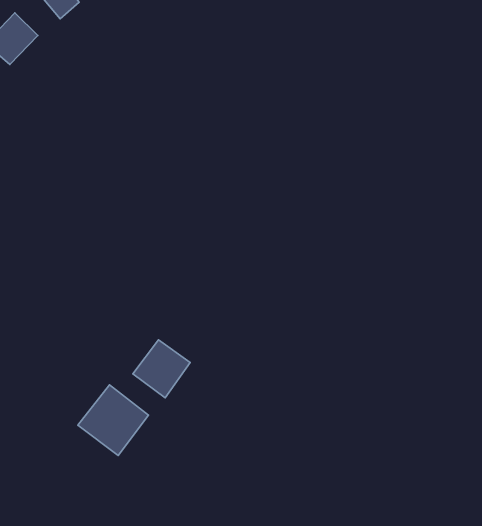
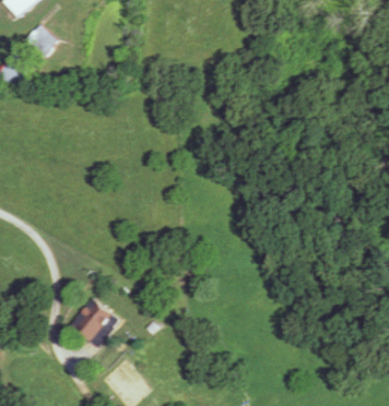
building: [133,340,190,398] -> none

